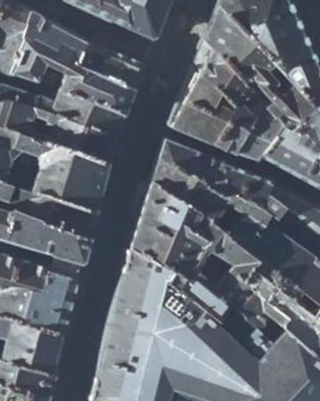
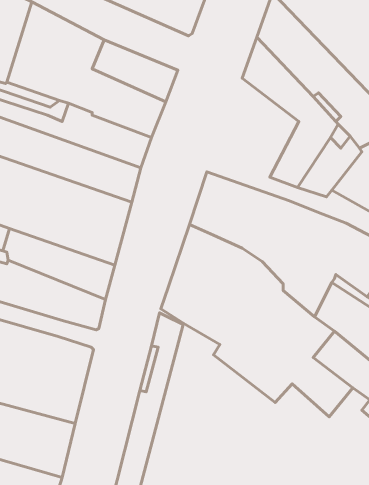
building: [171,70,234,146] -> none

